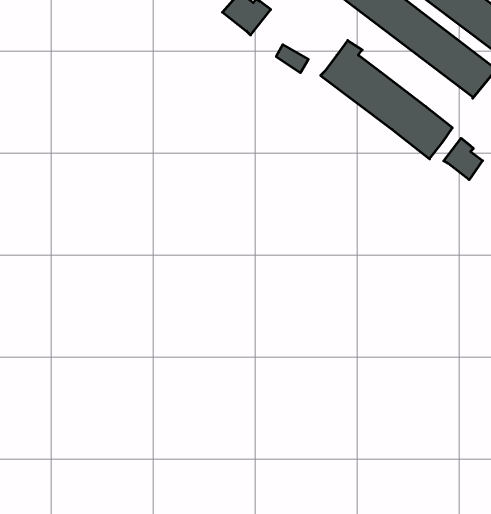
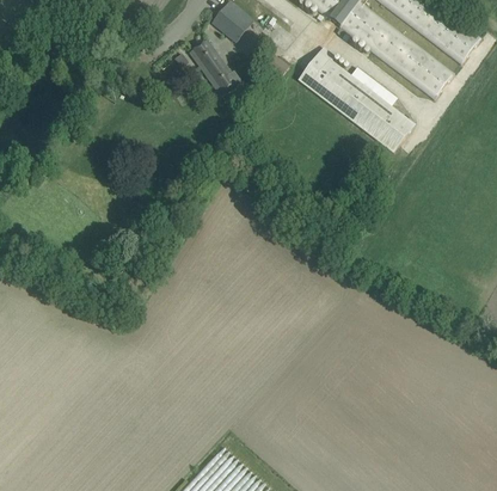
building: none -> [189,38,240,96]
building: [444,138,483,180] -> none

